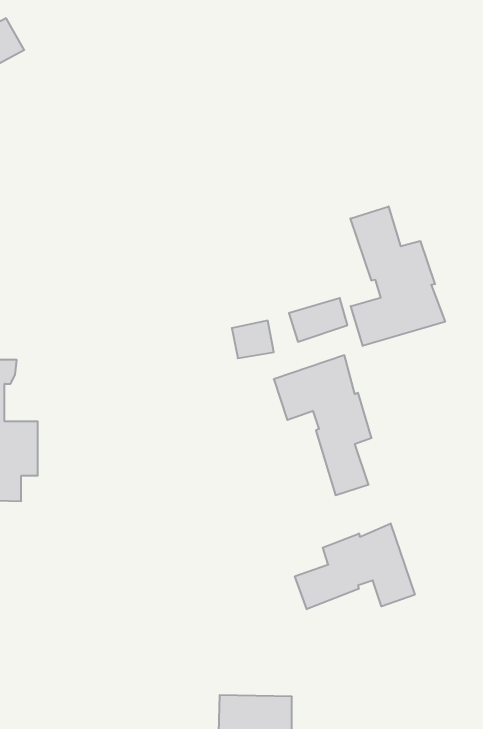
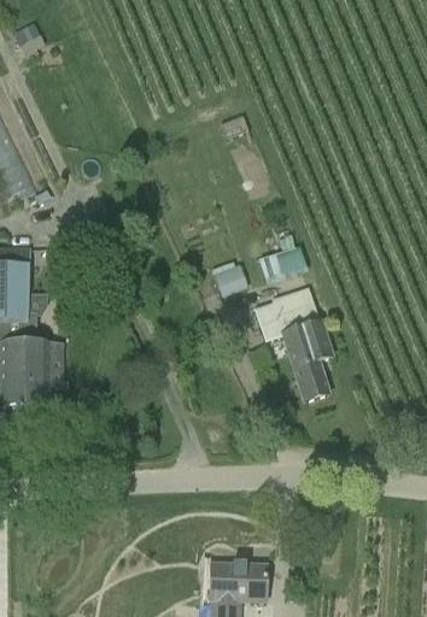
building: [350,206,445,346] -> none
building: [295,523,415,609] -> none

